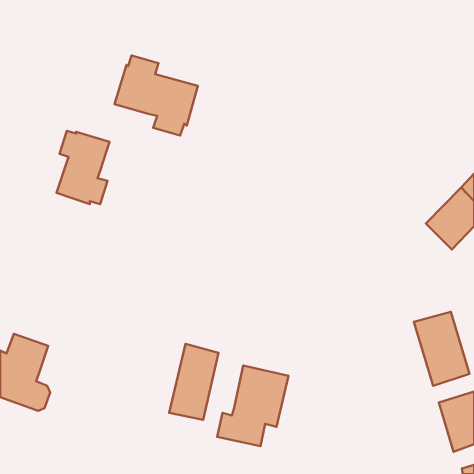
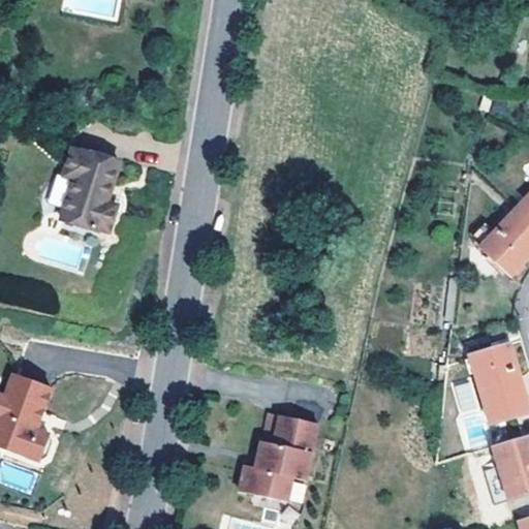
building: [114,55,198,136] -> none
building: [169,344,219,420] -> none

